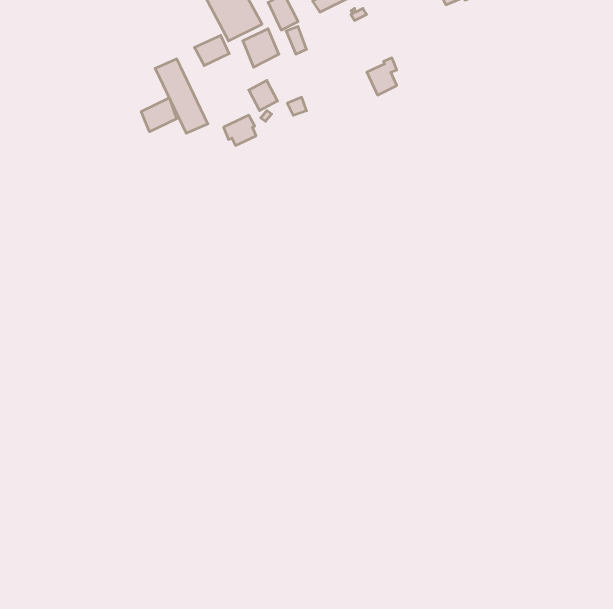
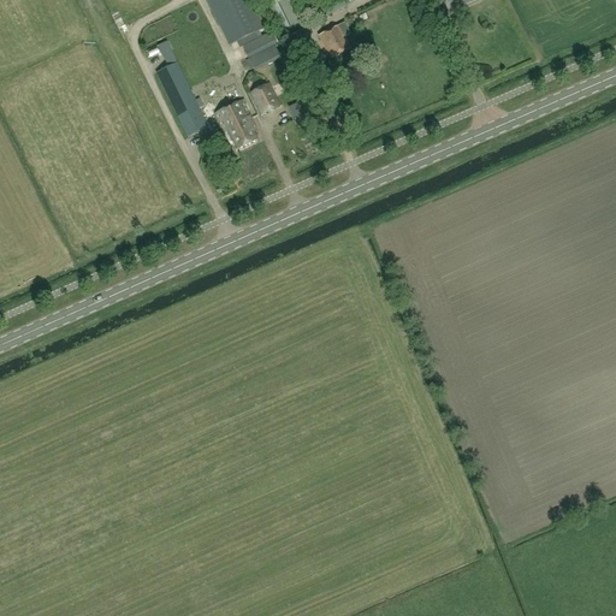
building: [194,35,229,66] -> [214,97,249,128]
building: [367,58,397,95] -> [319,18,349,55]
building: [141,98,177,132] -> none

